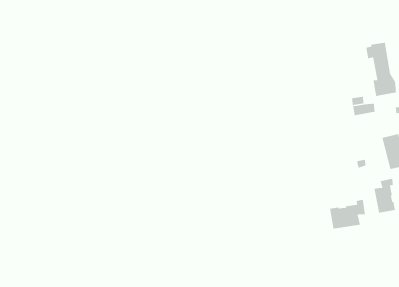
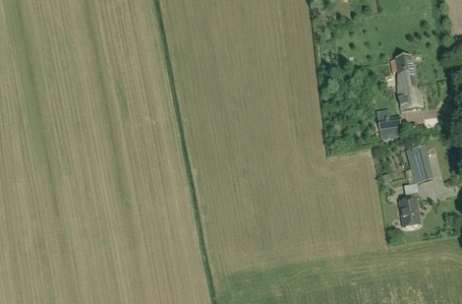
building: [329,199,366,229] -> none

